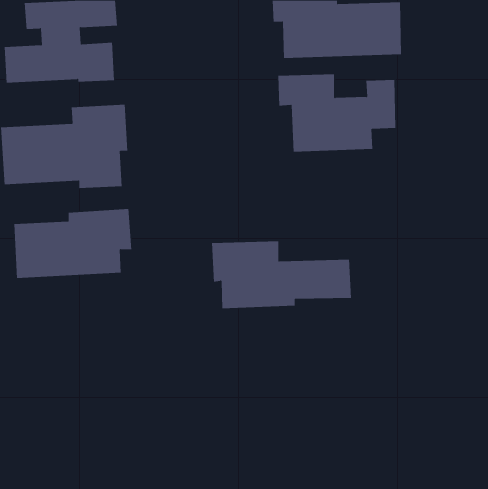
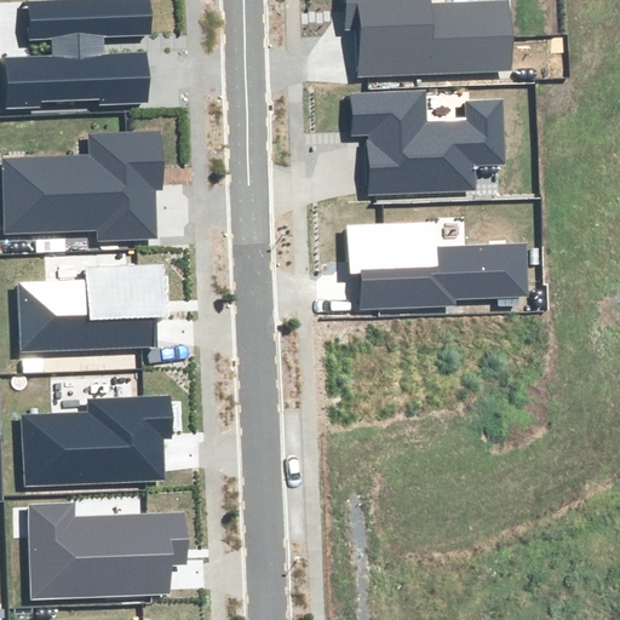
building: [211,241,352,309] -> [348,223,526,309]
building: none -> [22,396,171,486]
building: none -> [25,504,184,599]

